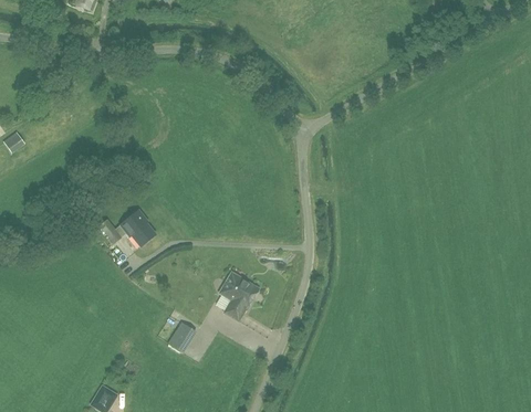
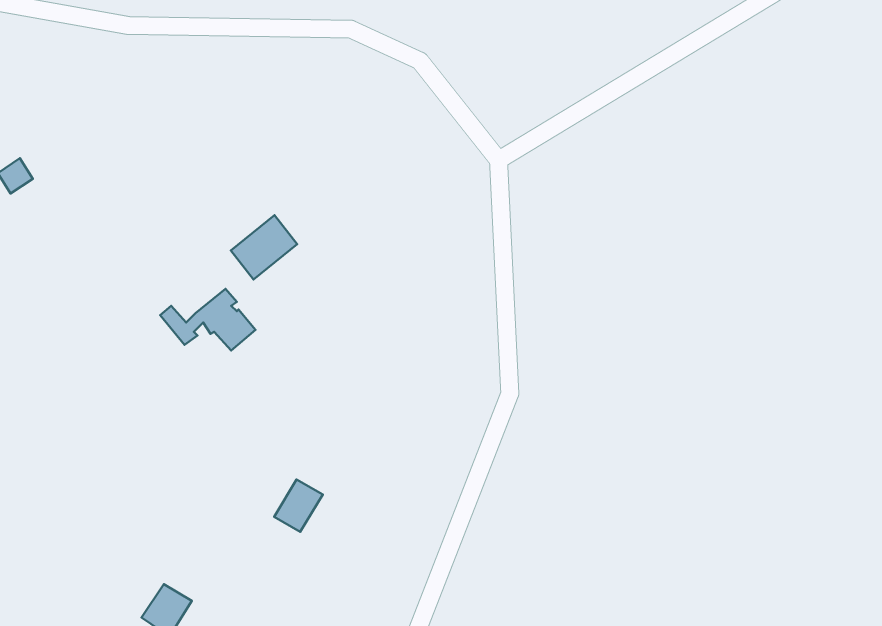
building: none -> [231,215,297,280]
building: [220,270,259,319] -> none

